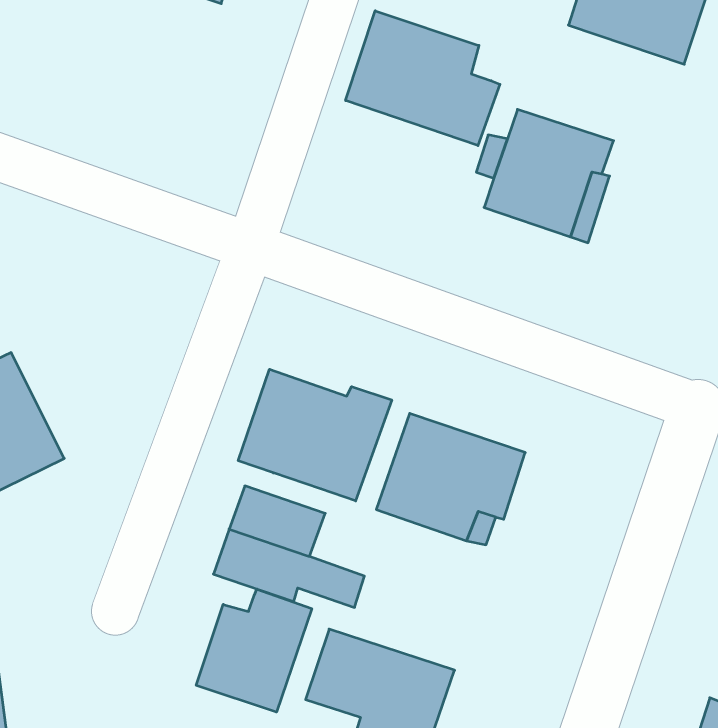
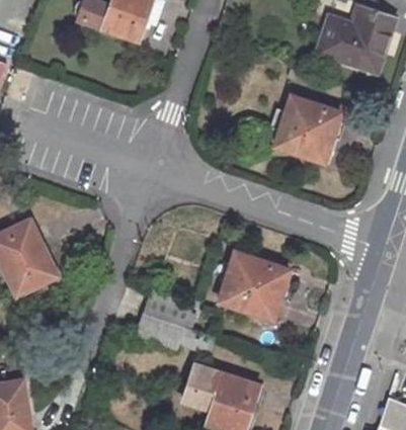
building: [346,11,500,146] -> none
building: [238,369,392,501] -> none
building: [196,589,312,712] -> none

